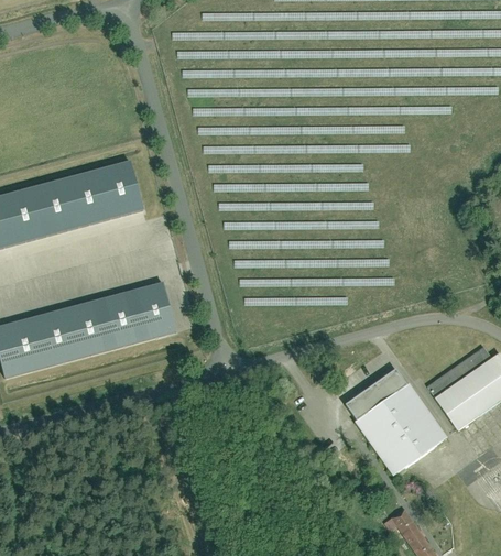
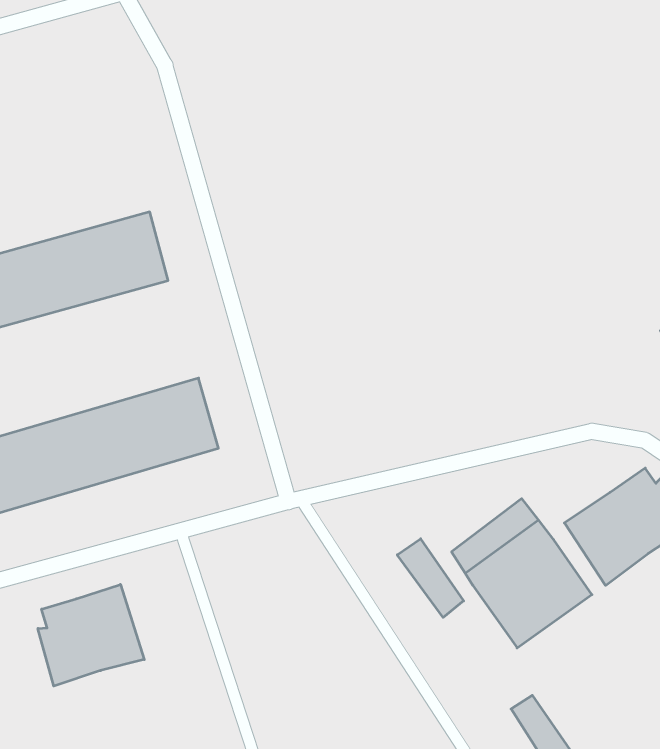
building: none -> [397,539,464,617]
building: none -> [38,584,144,686]

